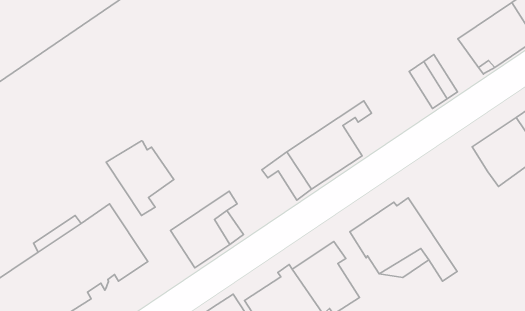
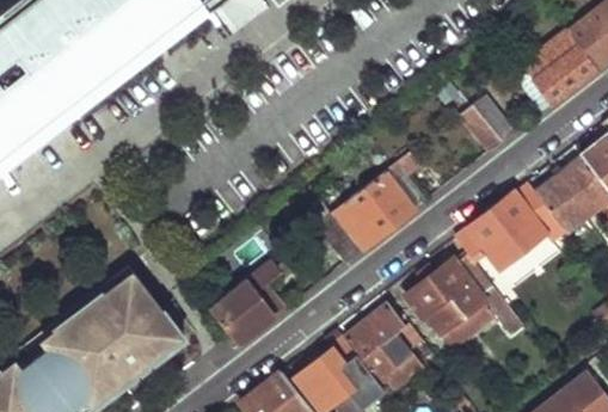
building: none -> [455,182,554,269]
building: [106,141,174,215] -> none

